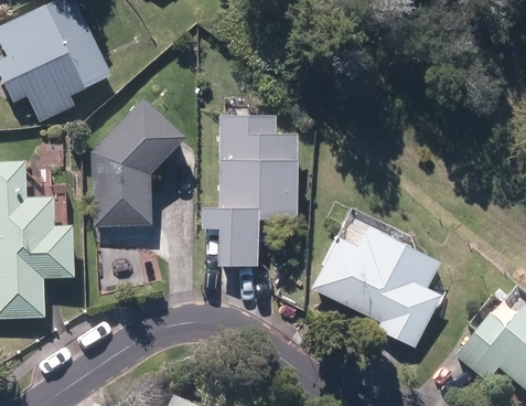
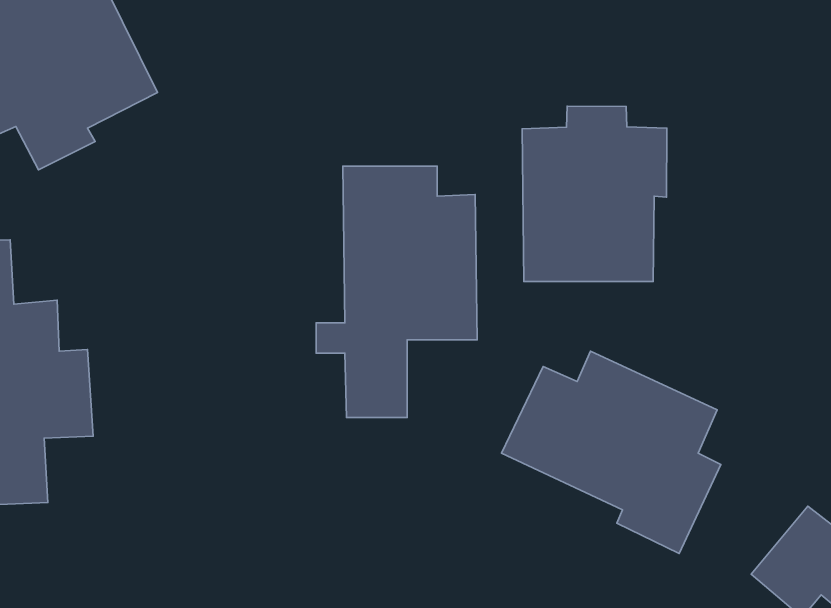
building: none -> [522,106,667,282]
building: [93,100,182,226] -> none

